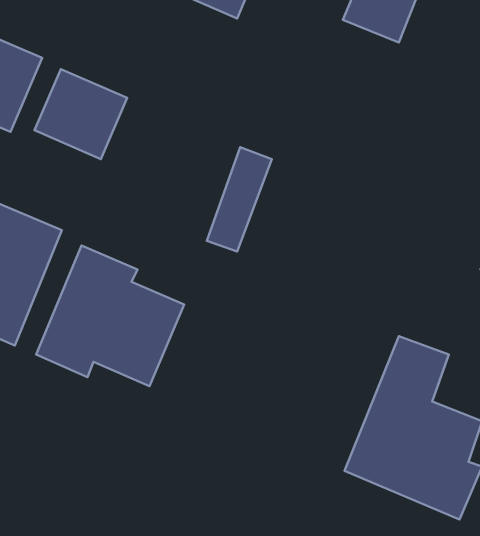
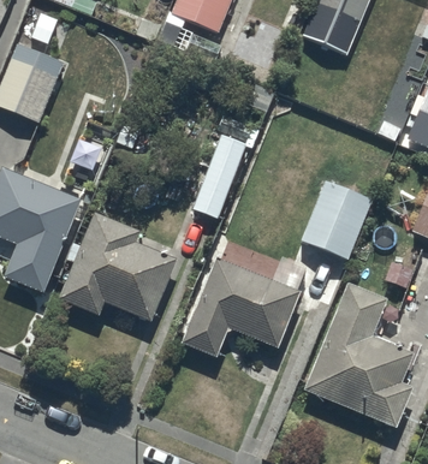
building: [35,69,127,159] -> none
building: none -> [301,183,371,258]
building: none -> [182,260,298,357]

